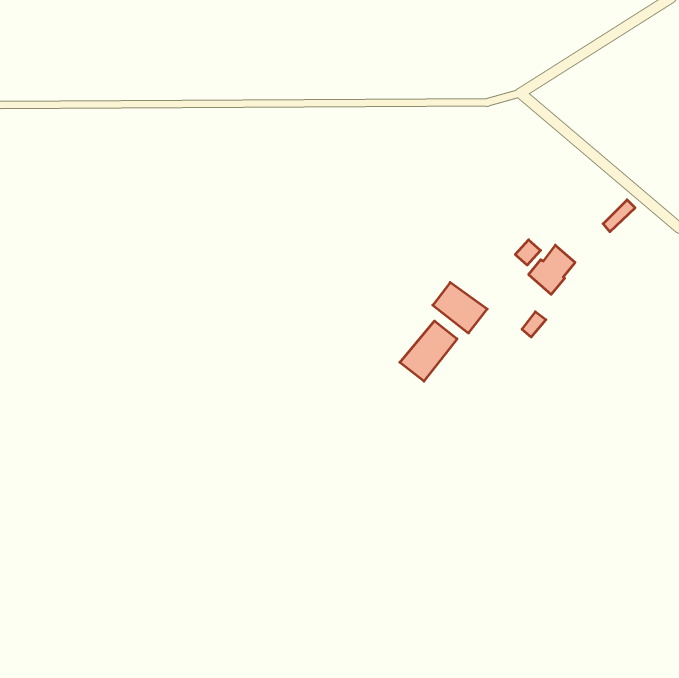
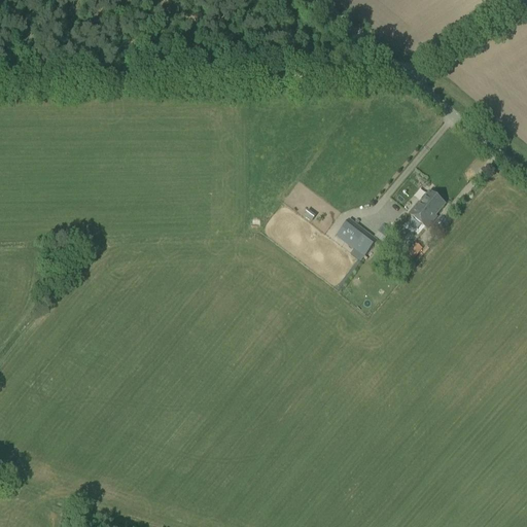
building: [400,321,457,381] -> none

